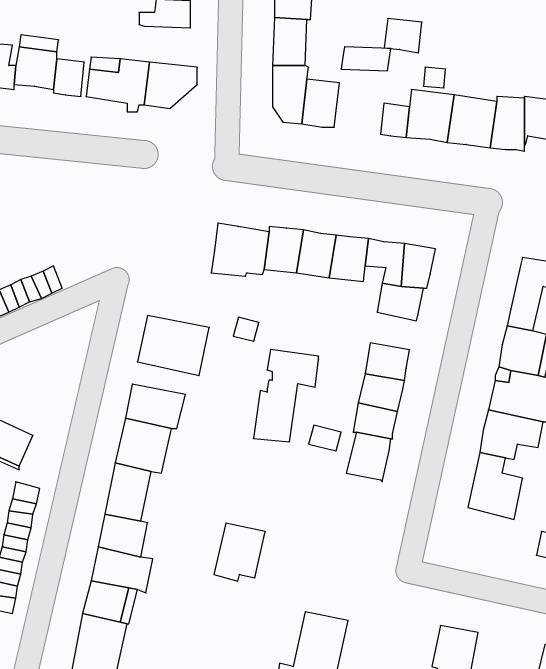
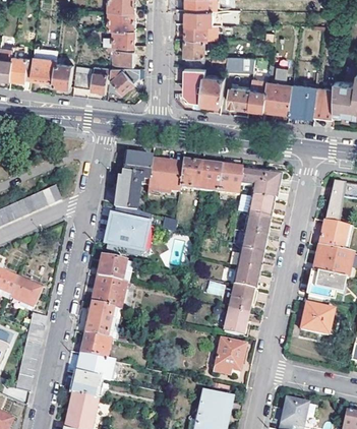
building: [384,19,422,53] -> [228,86,250,107]
building: none -> [107,43,135,63]
building: none -> [242,212,270,235]
building: [253,349,319,442] -> [113,154,152,208]
building: none -> [223,308,249,336]
building: [214,523,265,581] -> [214,339,244,373]

